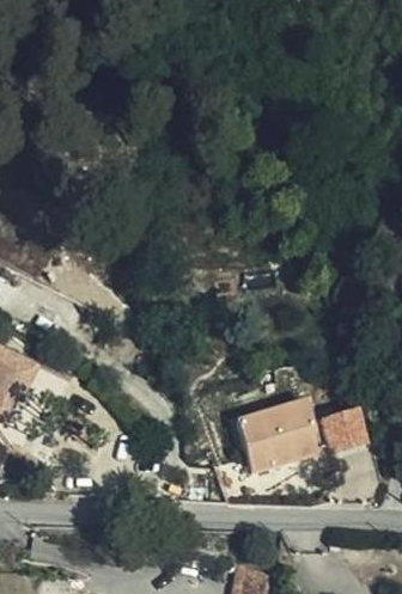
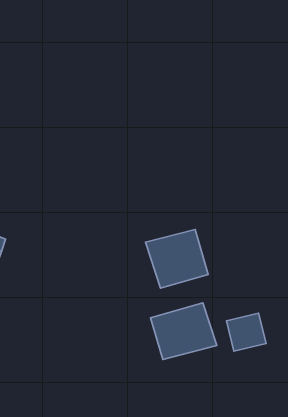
building: none -> [145,229,208,288]

